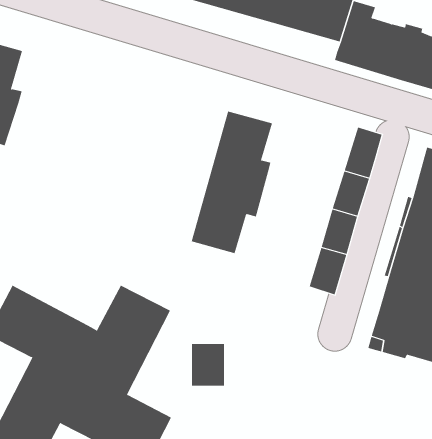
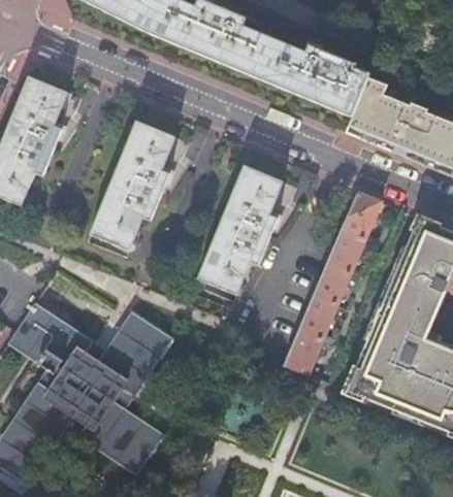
building: none -> [90,122,174,251]
building: none -> [284,331,322,375]
building: [191,343,225,387] -> none

